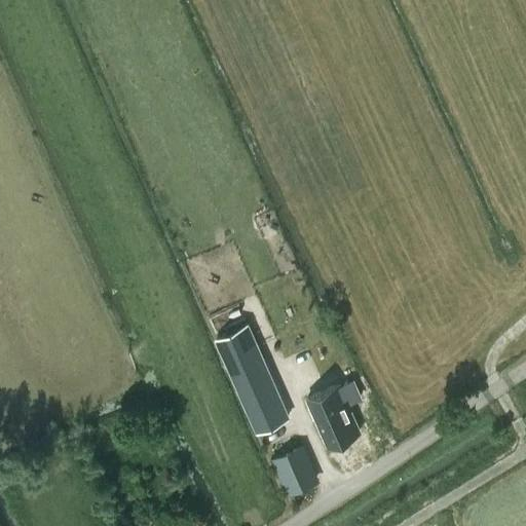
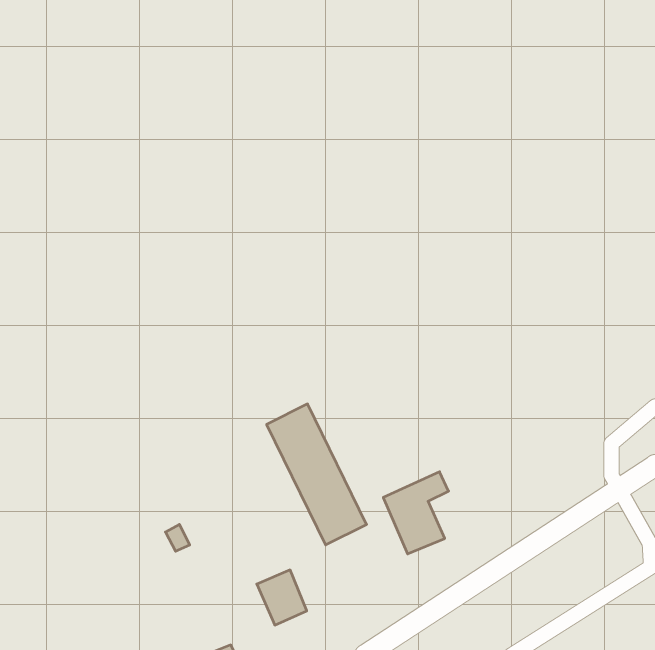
building: [275,450,315,494] -> [257,570,307,625]

